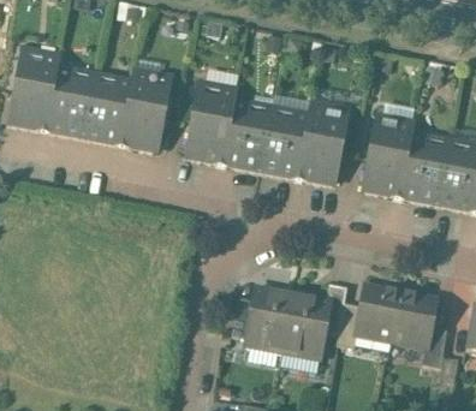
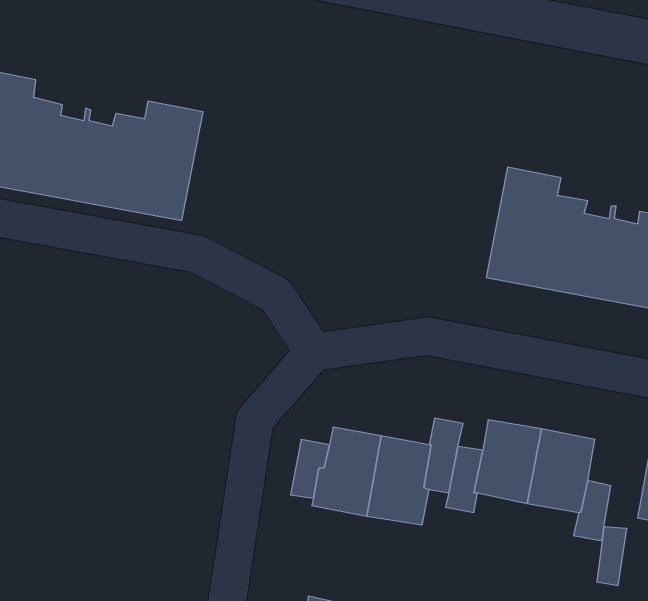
building: [185,83,347,185] -> none

